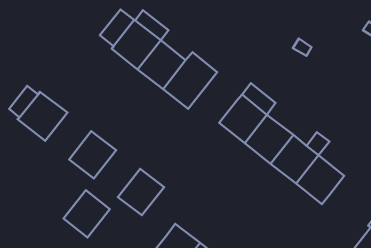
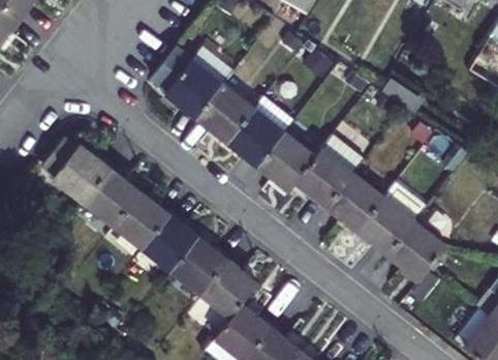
building: none -> [258,131,317,191]
building: none -> [86,171,142,228]
building: none -> [203,261,259,319]
building: [63,190,110,237] -> [145,216,200,273]

